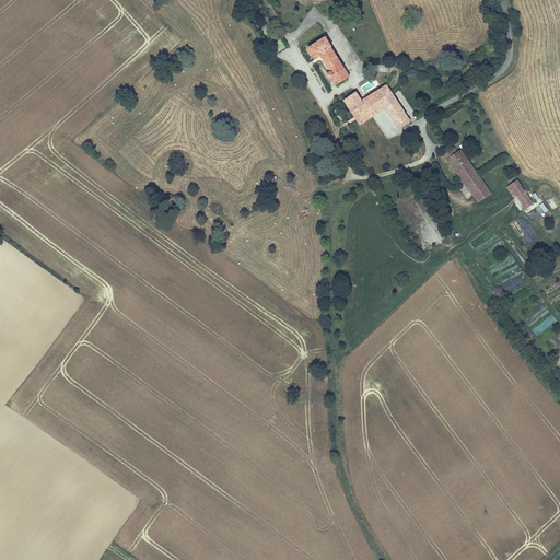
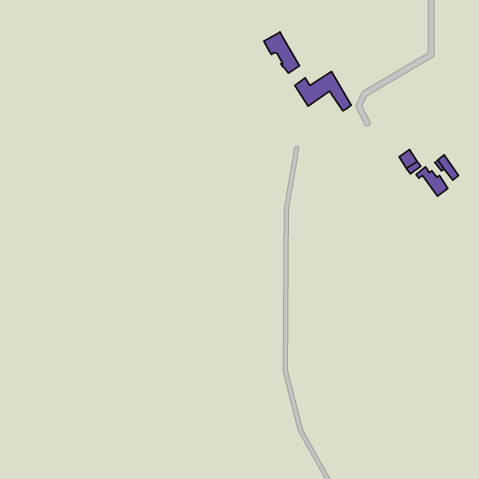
building: [440,149,477,183] -> [416,167,448,196]

